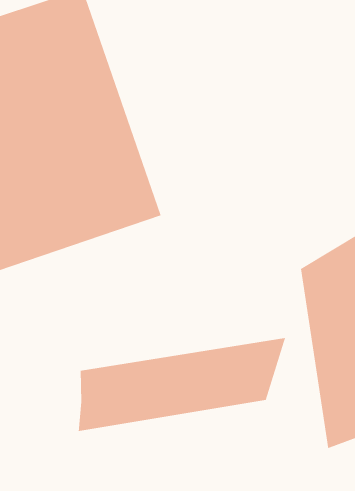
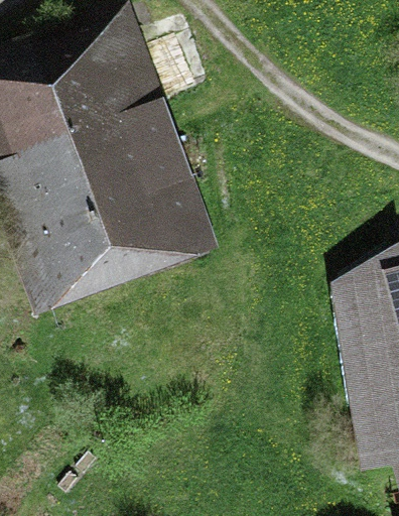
building: [78,337,286,432] -> none

